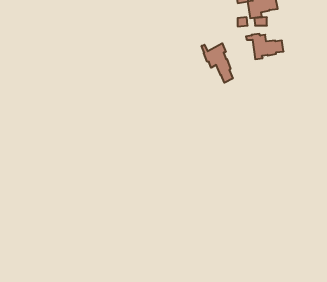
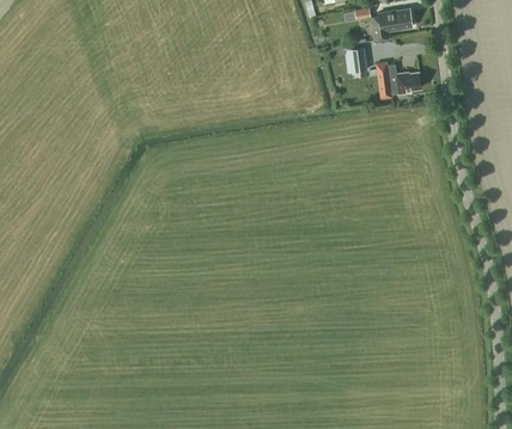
building: [202,43,233,83] -> none

